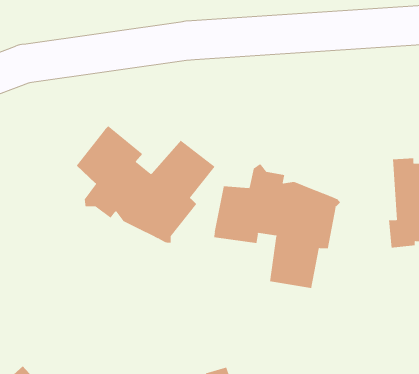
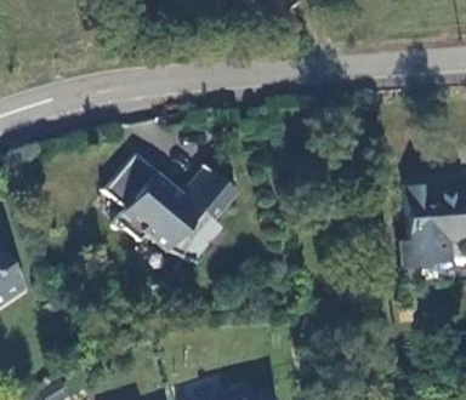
building: [214,163,341,289] -> none

